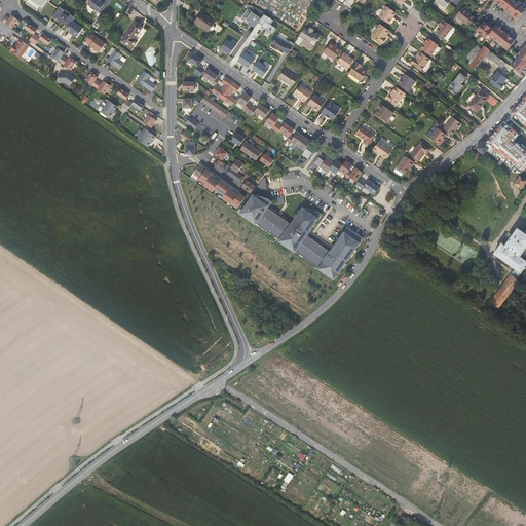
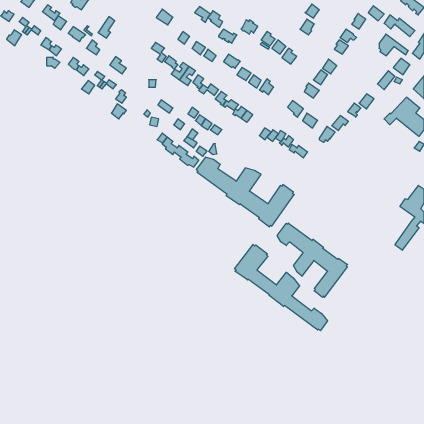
building: none -> [277,223,348,297]
building: none -> [235,244,328,331]

